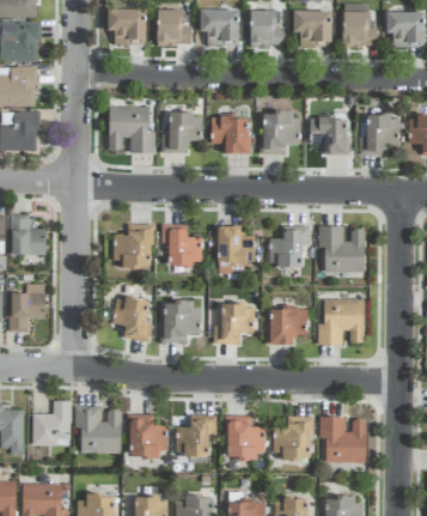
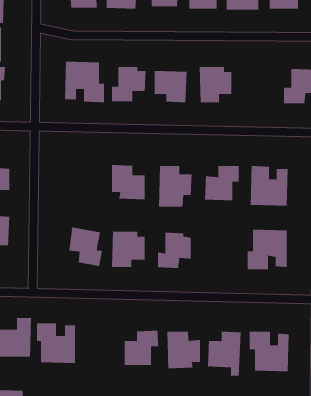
building: [309,117,347,154] -> none
building: [112,224,152,265] -> none
building: [268,308,306,344] -> none
building: [128,413,167,456] -> none

